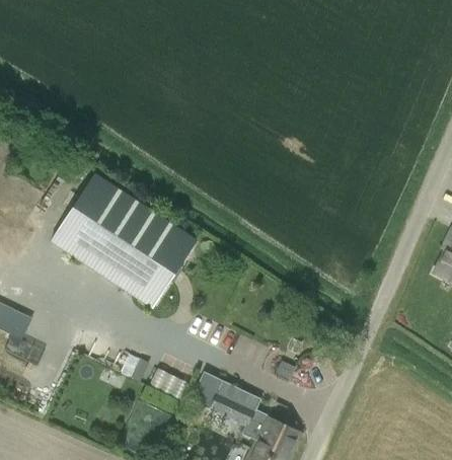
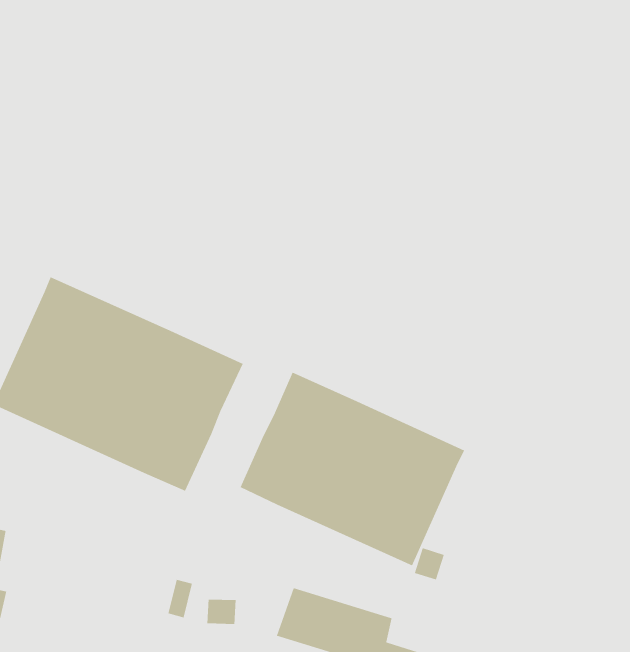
building: none -> [239,371,465,566]

